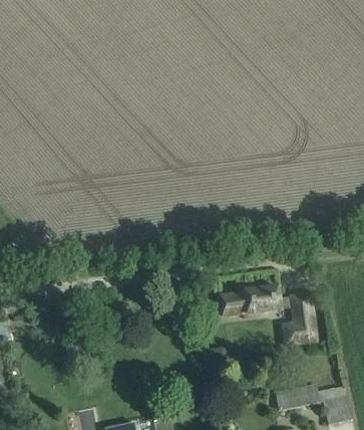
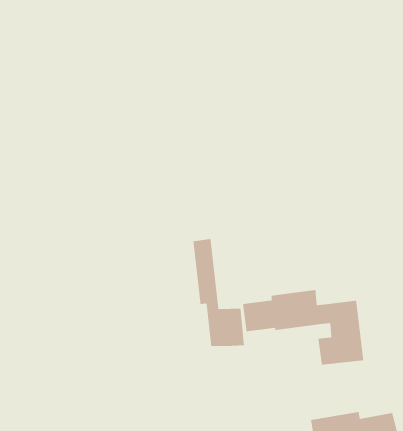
building: none -> [192,238,245,347]

